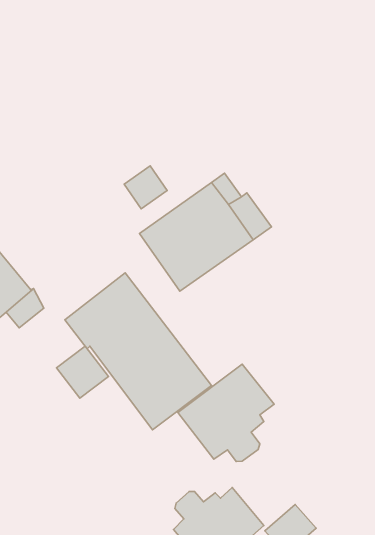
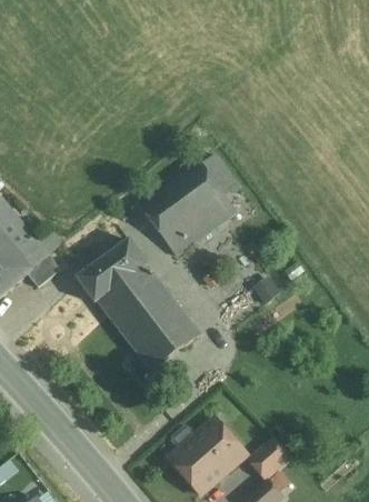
building: [124,166,167,209] -> none
building: [56,346,108,398] -> none
building: [178,364,274,462] -> none

